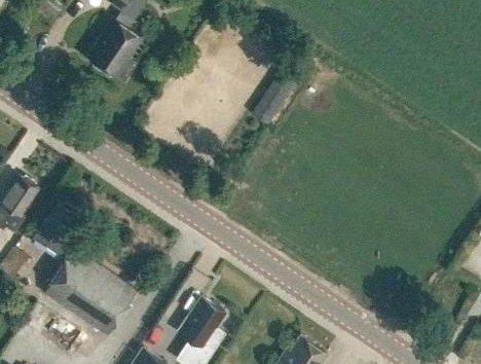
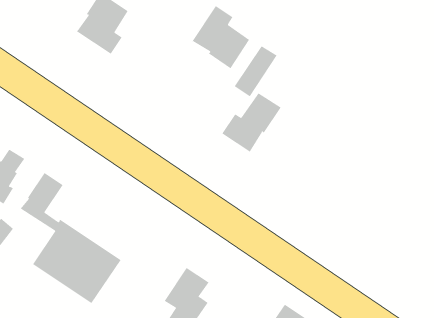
building: none -> [191,5,250,69]
building: none -> [222,92,282,153]

